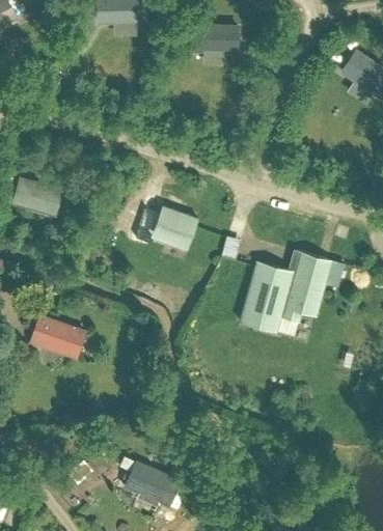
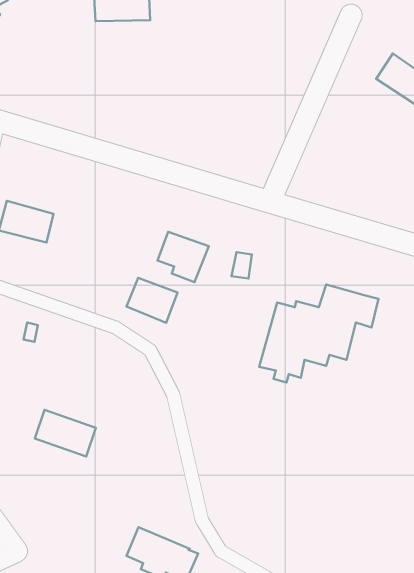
building: [192,24,238,54] -> none
building: none -> [127,278,178,323]
building: [31,316,84,357] -> [35,410,96,457]

